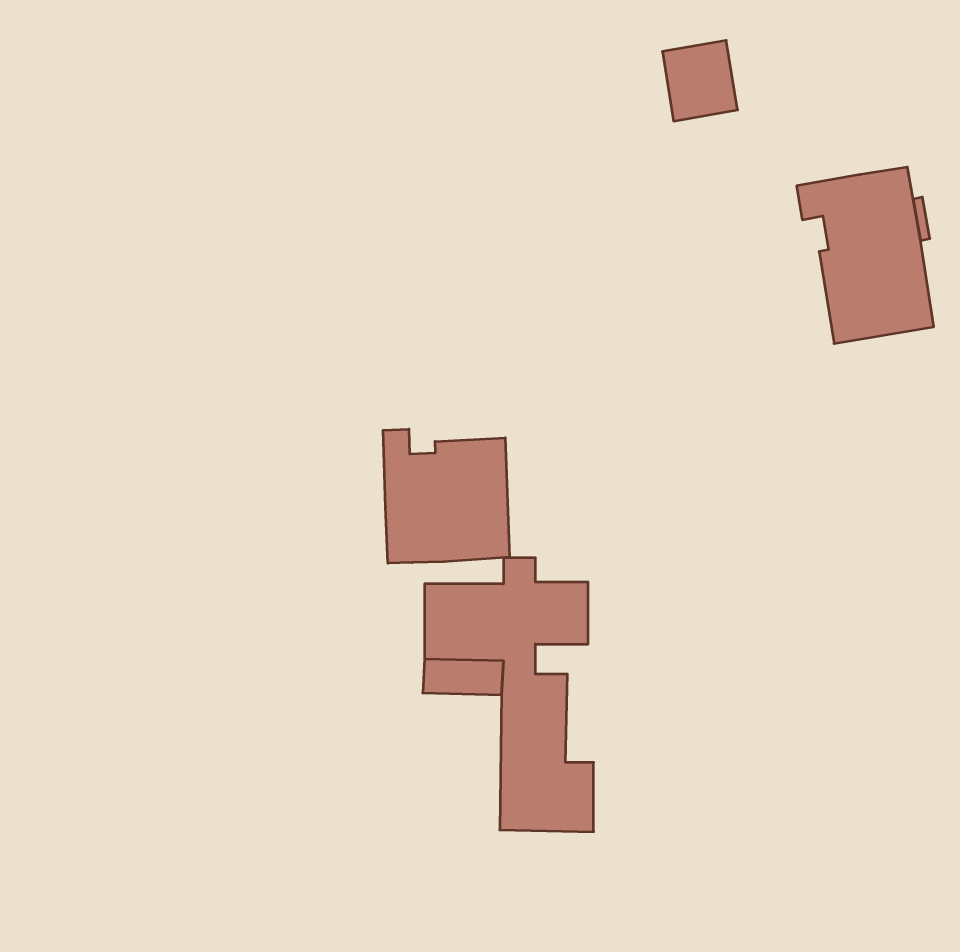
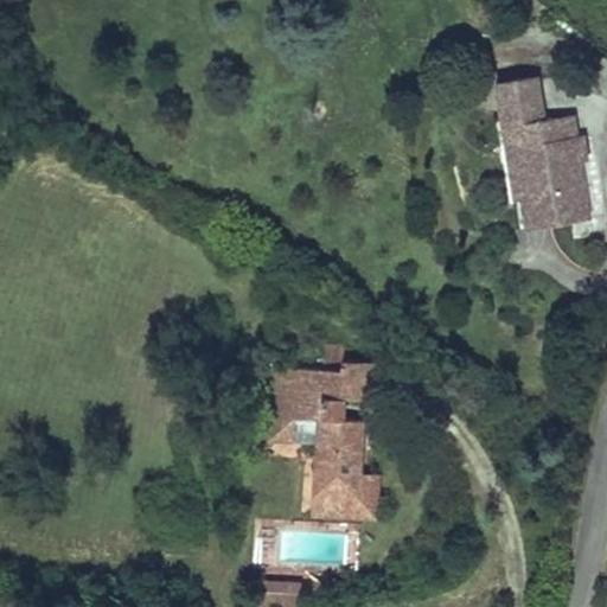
building: [662,40,738,121] -> [496,71,543,122]
building: [383,429,509,563] -> none

